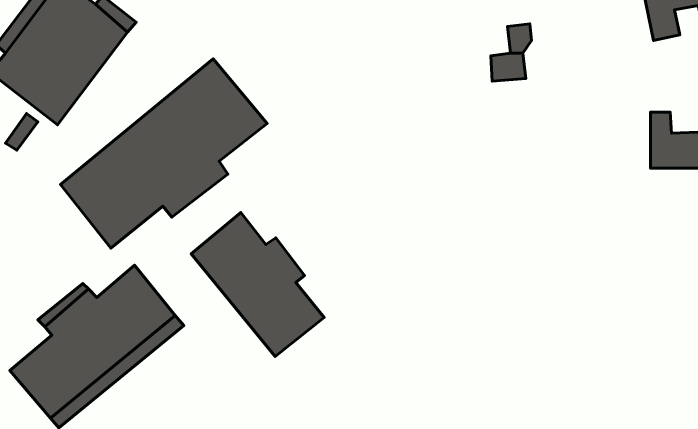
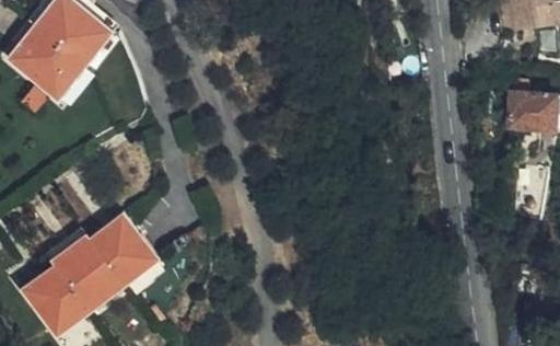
building: [60,59,267,248] -> none
building: [191,213,324,356] -> none

